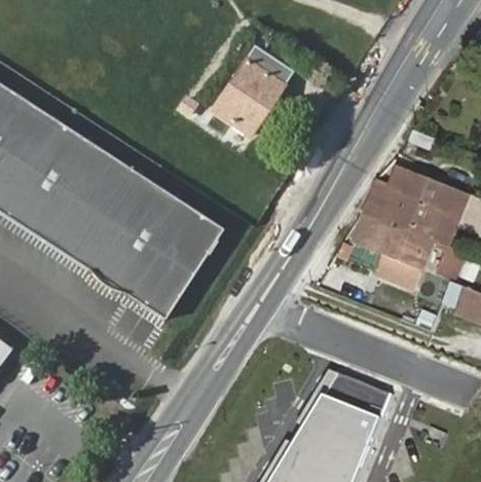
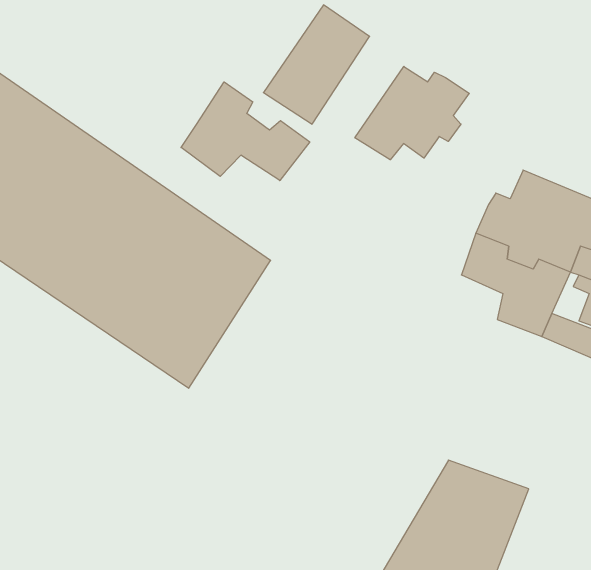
building: none -> [355,66,469,160]
building: none -> [181,82,310,181]

